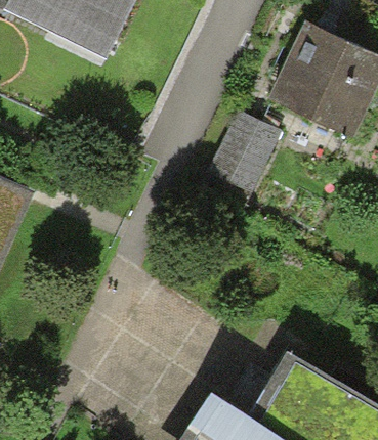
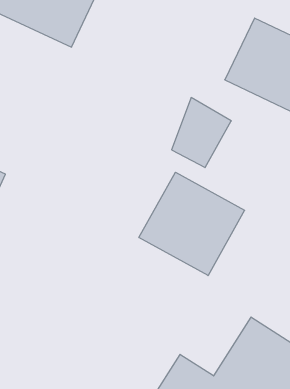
building: none -> [139,172,245,276]

